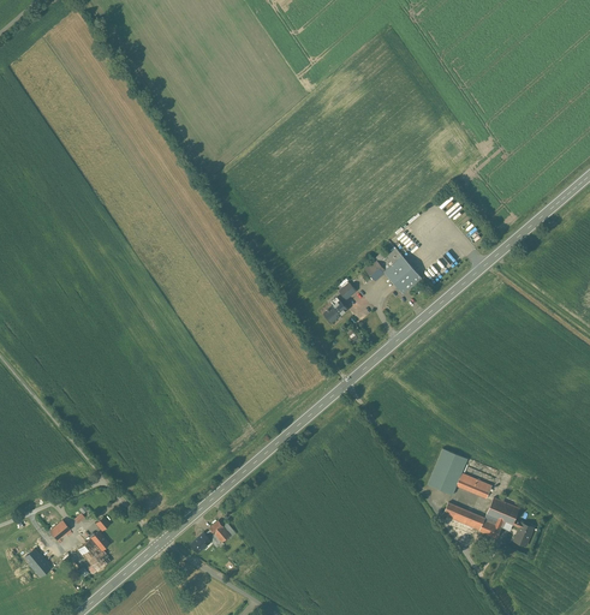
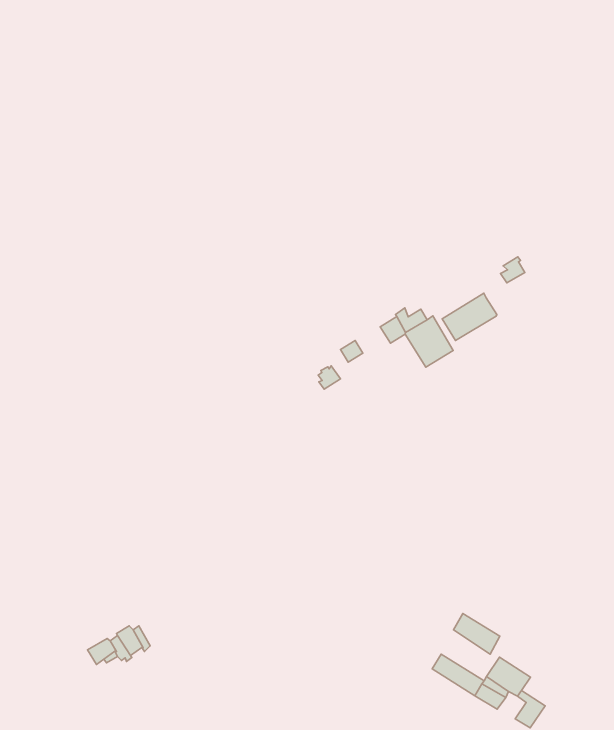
building: none -> [442,293,497,340]
building: [427,447,466,492] -> none

